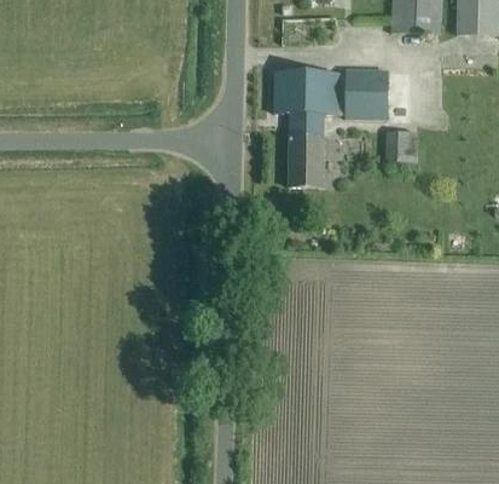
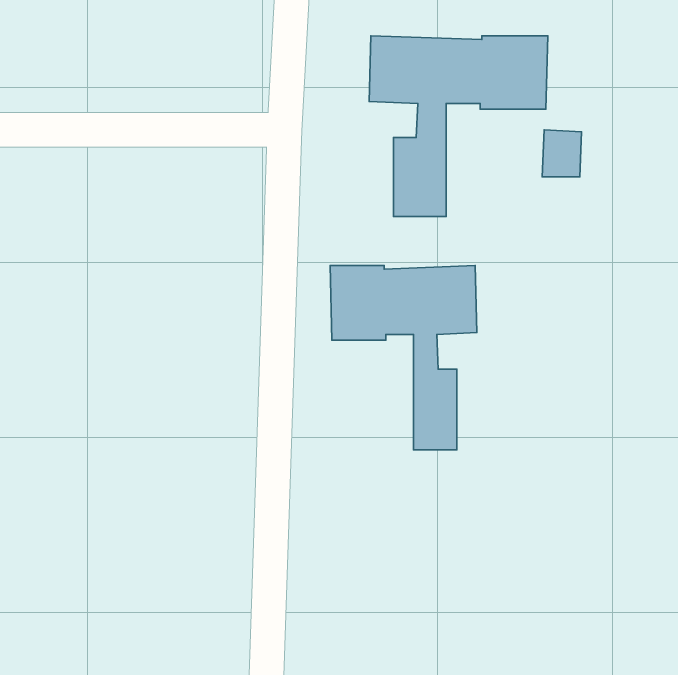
building: none -> [330,265,477,450]

